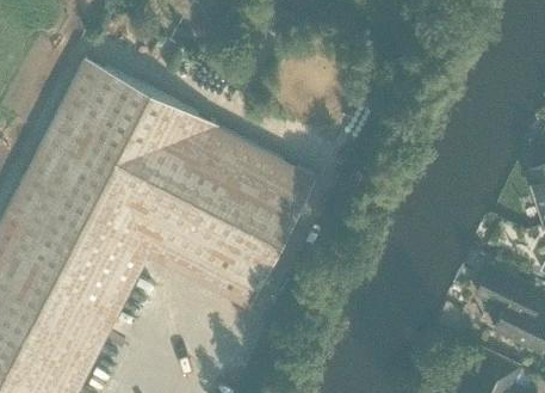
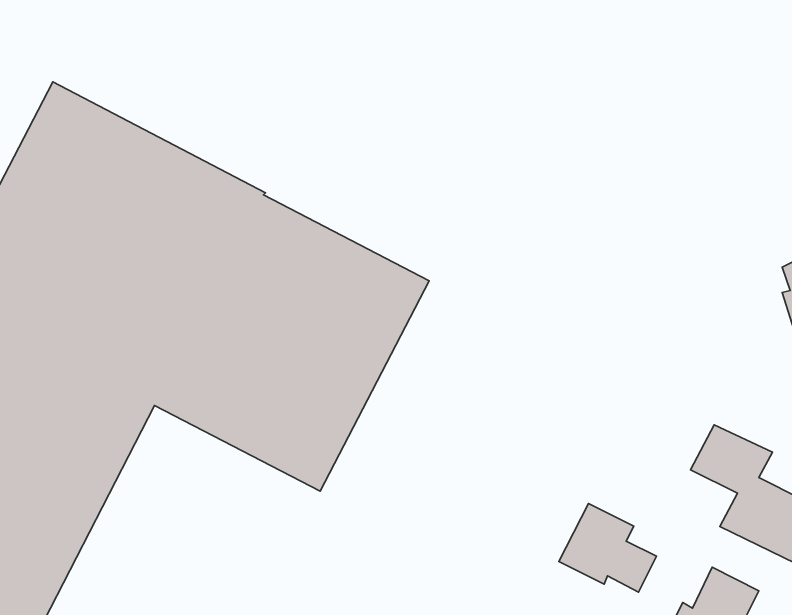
building: none -> [559,504,656,592]

